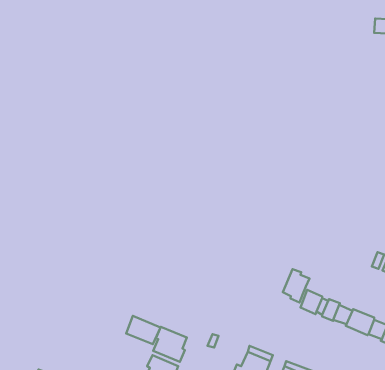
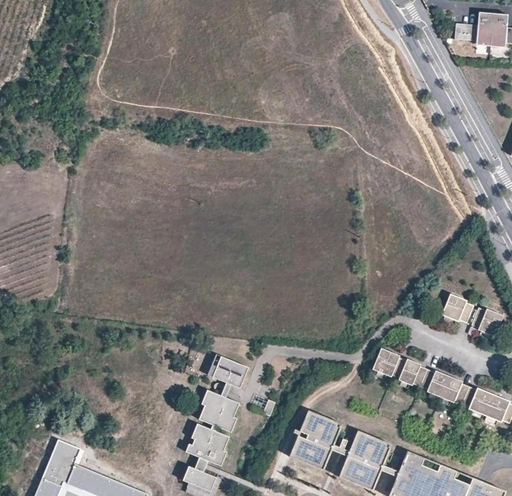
building: none -> [442,293,466,320]
building: [283,269,310,302] -> none
building: [126,316,160,344] -> [206,355,247,389]

